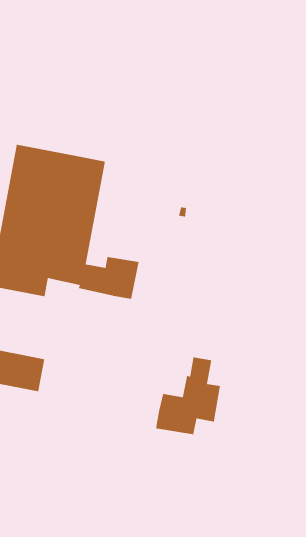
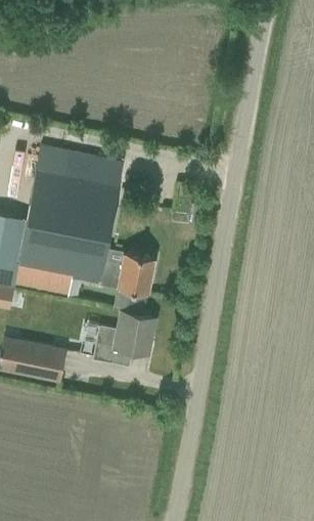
building: [155,356,221,435] -> [92,290,154,364]

